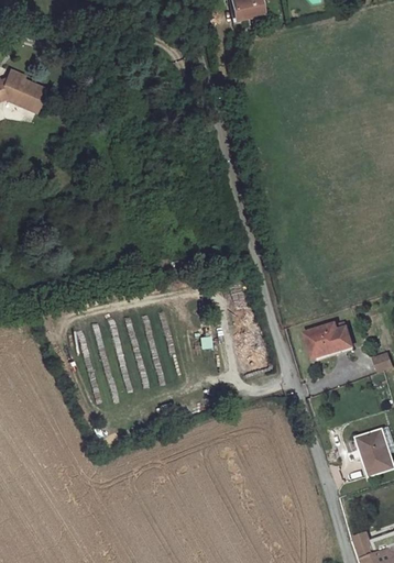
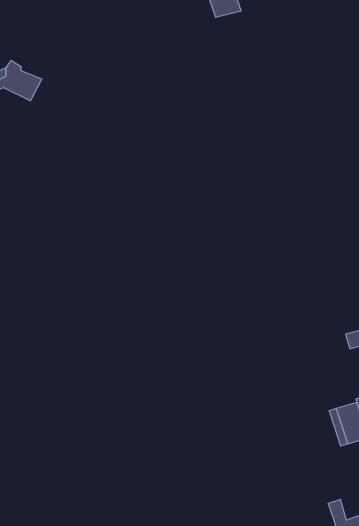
building: [303,323,346,357] -> none

